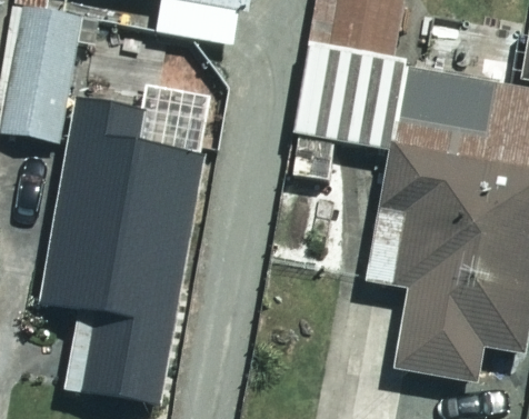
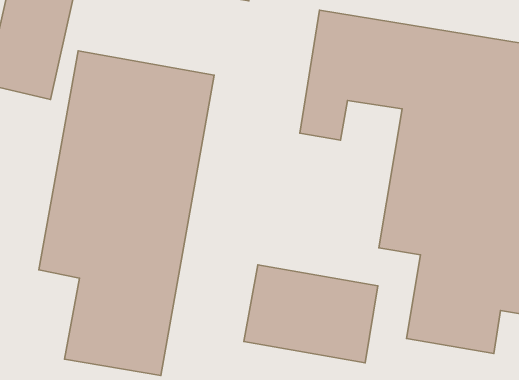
building: none -> [244,265,378,363]

